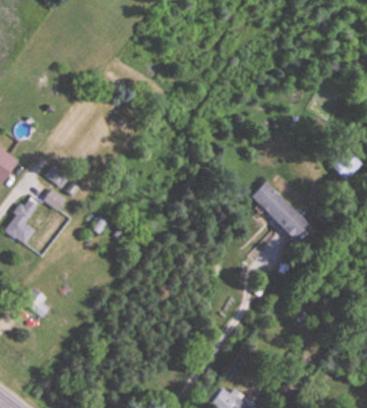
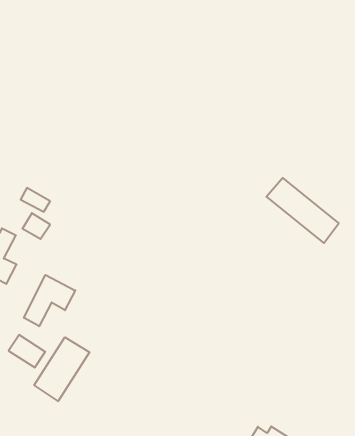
building: none -> [24,275,75,326]
building: none -> [34,337,89,401]

